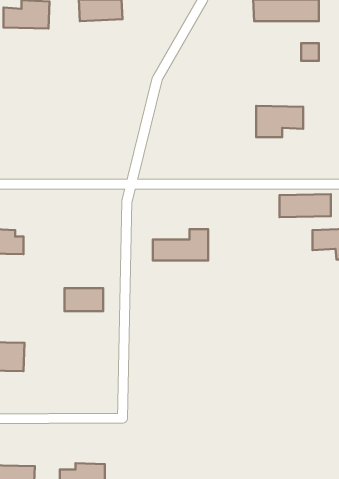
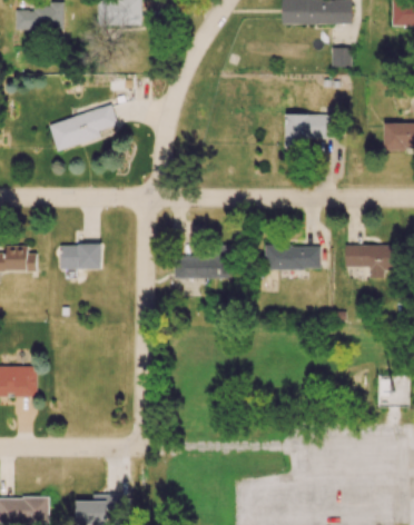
building: none -> [49,105,118,150]
building: [280,194,331,217] -> [266,245,321,269]
building: [65,288,103,311] -> [61,244,102,268]

